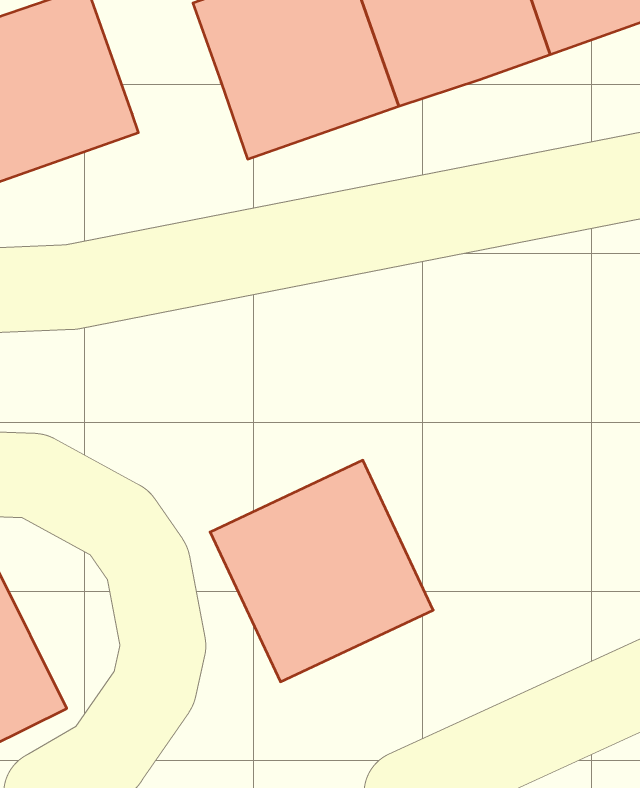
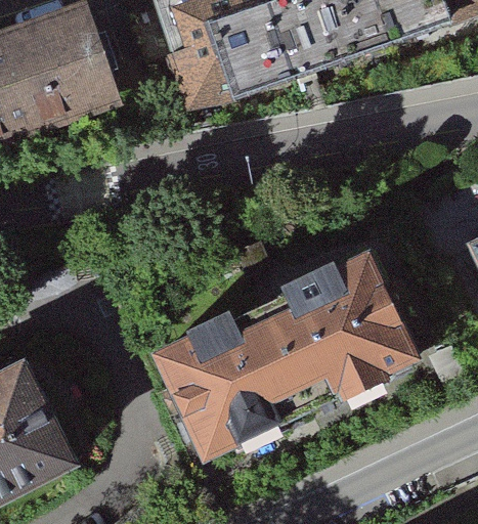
building: none -> [265,260,410,404]

